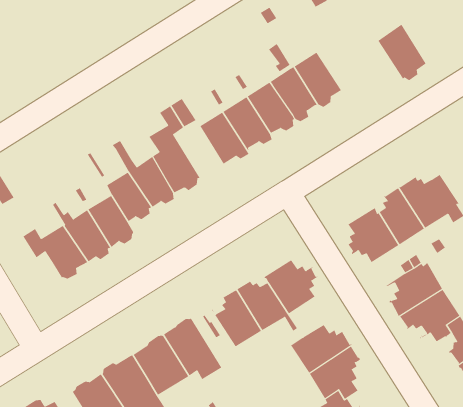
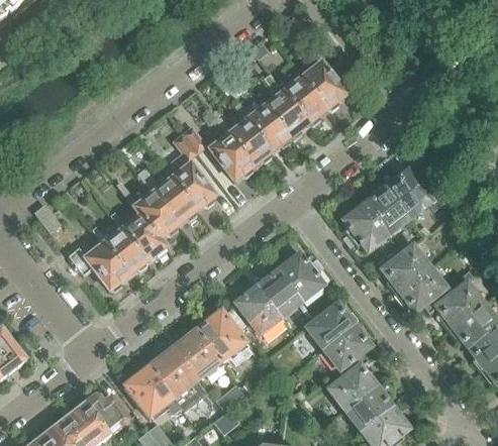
building: [377,24,427,81] -> [302,61,345,108]

